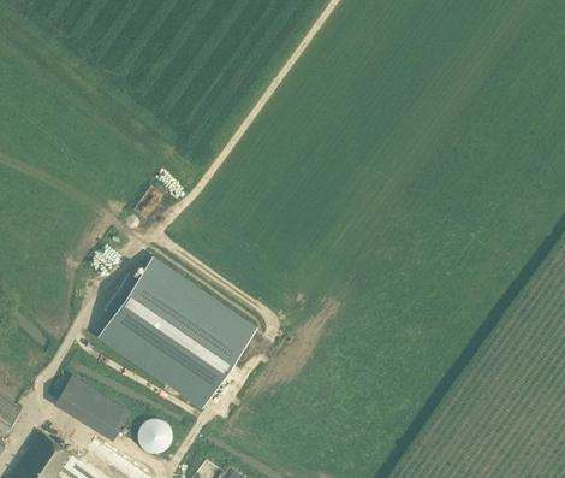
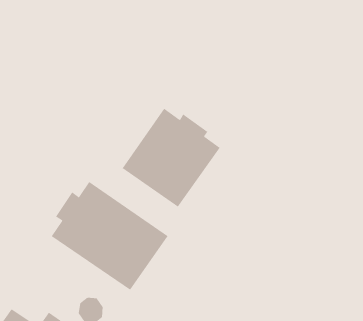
building: none -> [122,108,220,207]
building: [53,378,130,443] -> none

